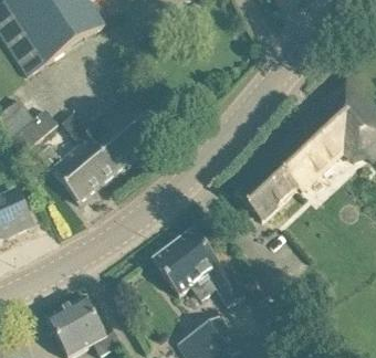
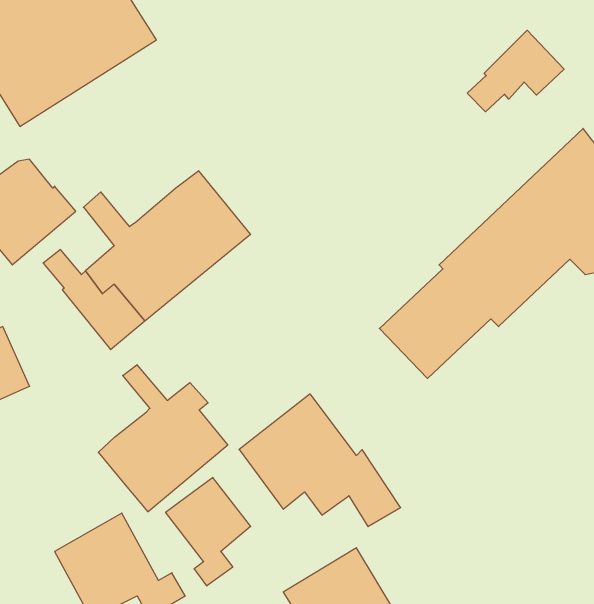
building: none -> [467,30,564,112]
building: none -> [98,365,228,512]
building: none -> [166,477,251,586]

